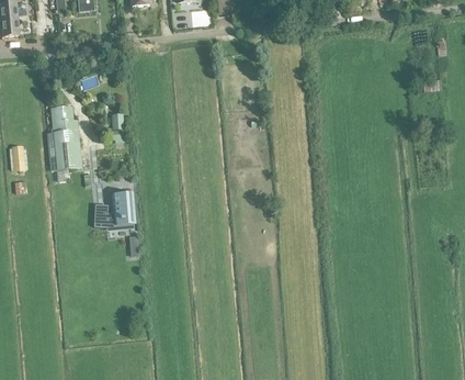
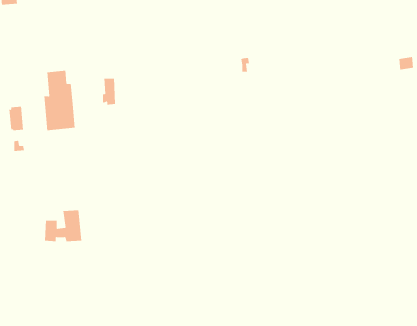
building: [93,194,134,228] -> [44,210,82,242]

